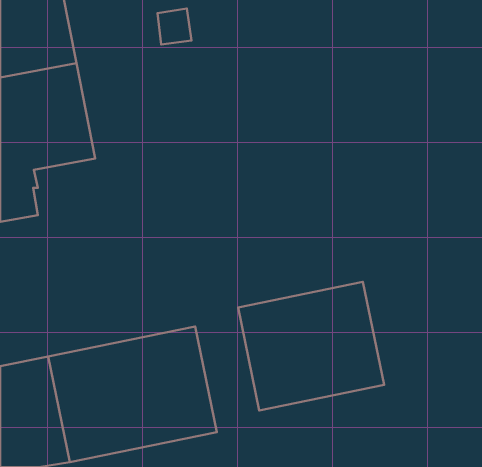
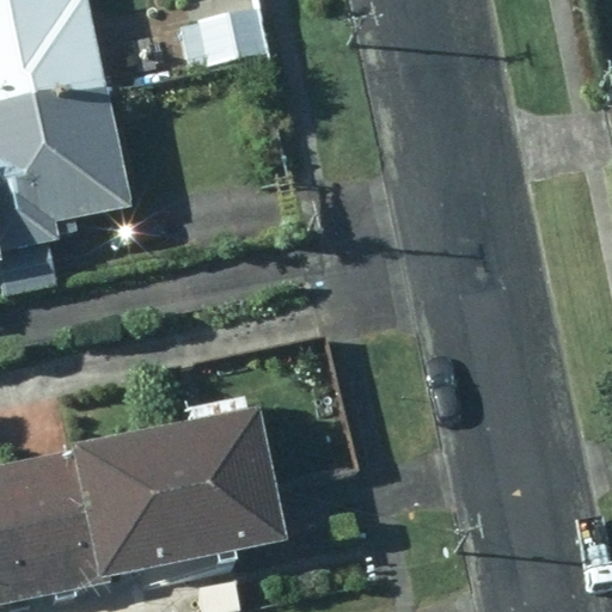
building: [238,282,384,410] -> none

